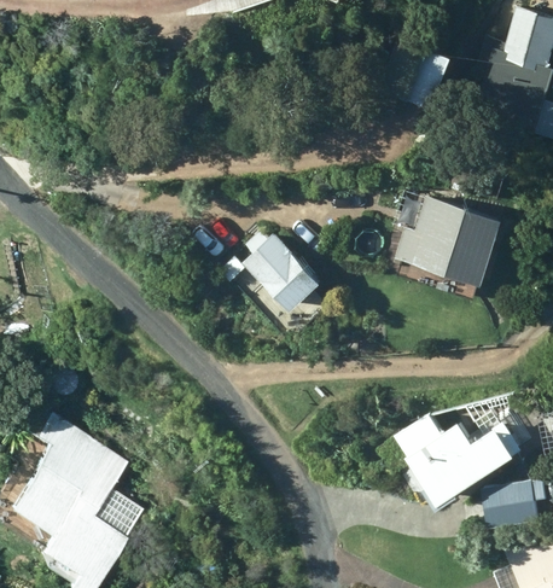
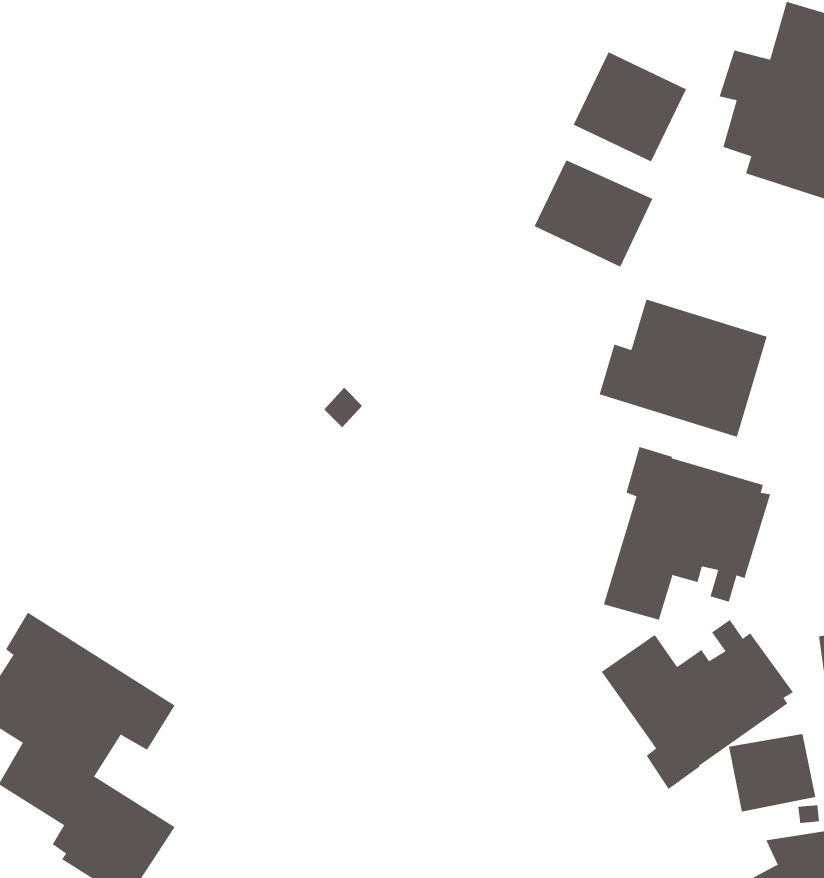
building: none -> [534,160,653,267]
building: [245,231,325,314] -> none
building: none -> [603,446,771,621]

